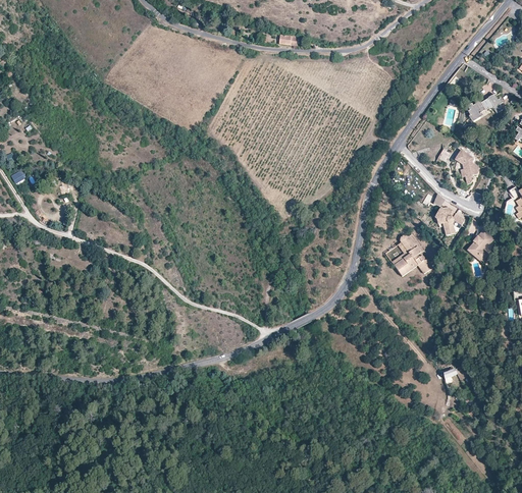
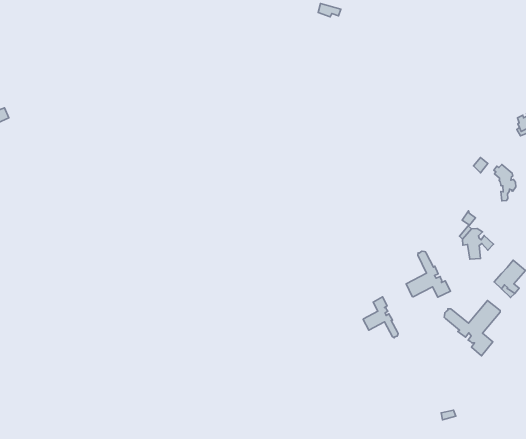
building: none -> [444,301,500,356]
building: none -> [363,297,398,338]

